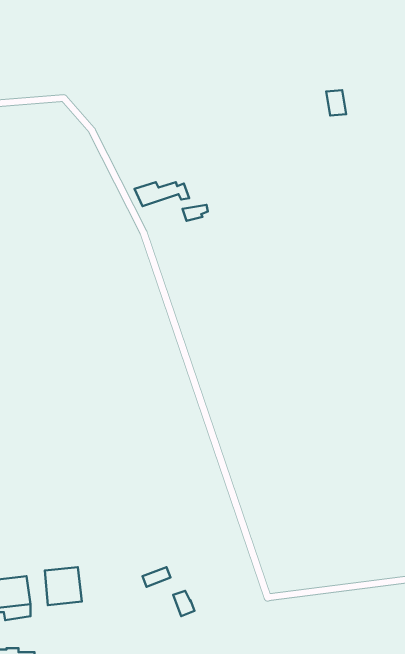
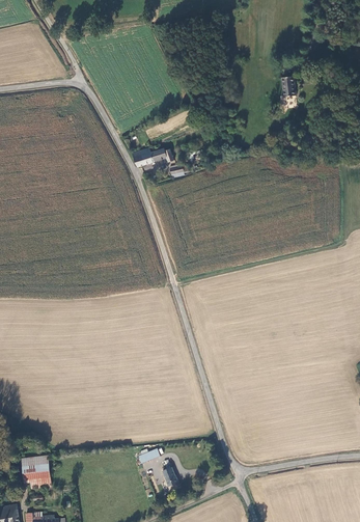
building: [45,567,82,605] -> none

